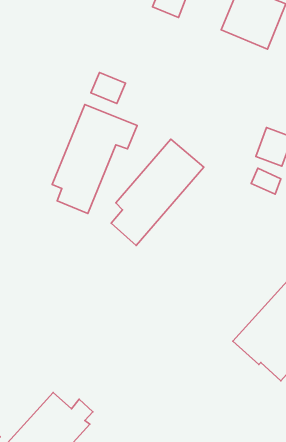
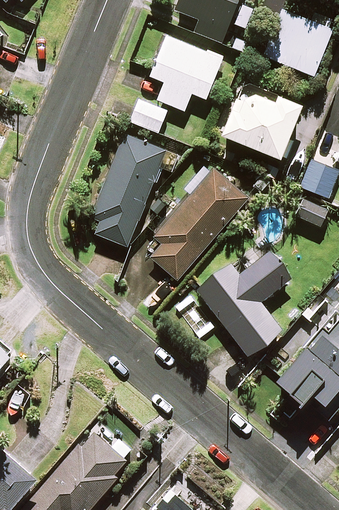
building: none -> [151,36,223,111]
building: none -> [223,83,302,161]
building: none -> [197,254,289,357]

